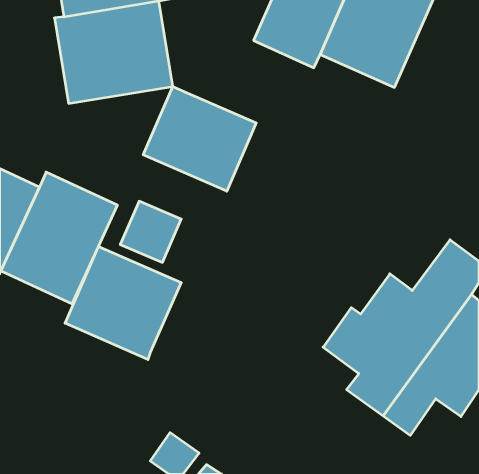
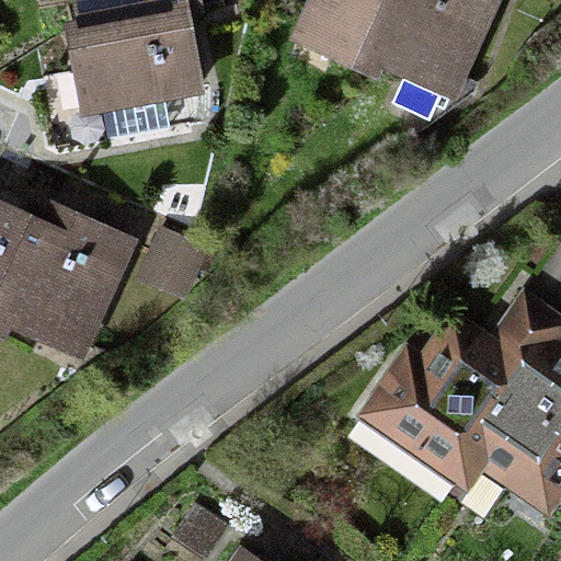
building: [143,87,256,191] -> none
building: [65,246,181,360] -> none

